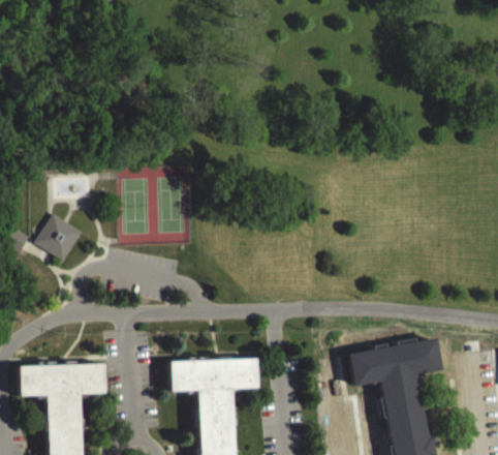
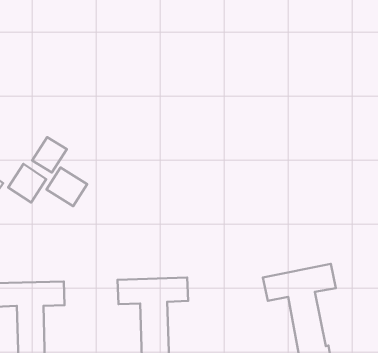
building: none -> [32,137,67,173]
building: none -> [47,168,87,206]

